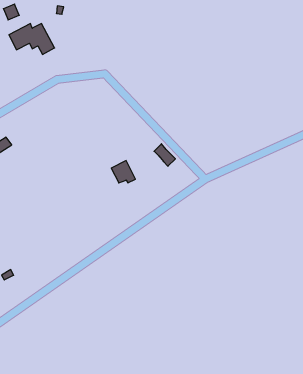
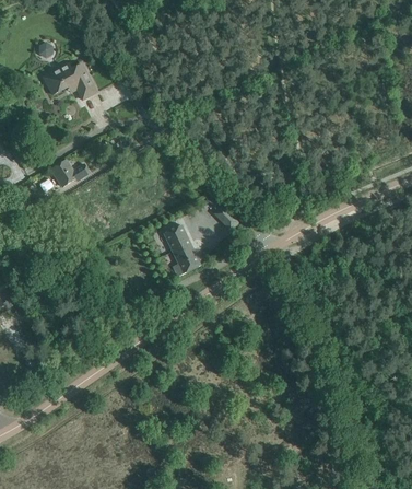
building: none -> [49,160,86,187]
building: none -> [170,246,199,277]

